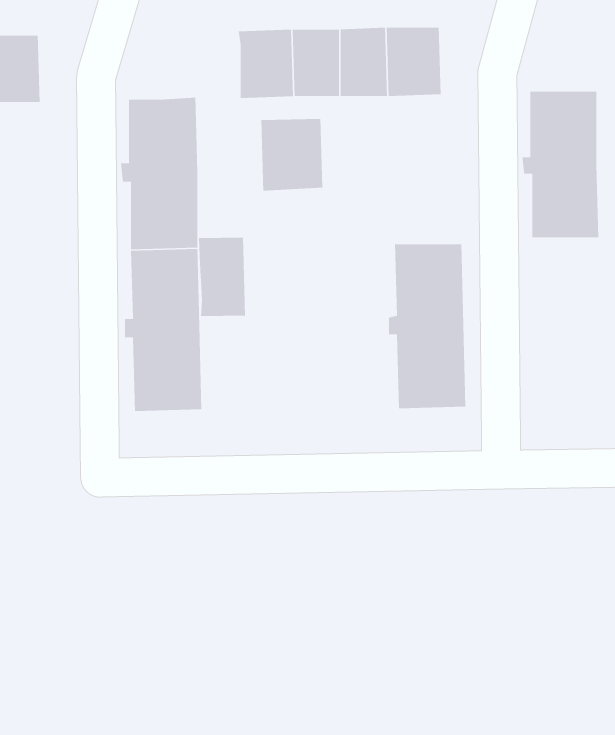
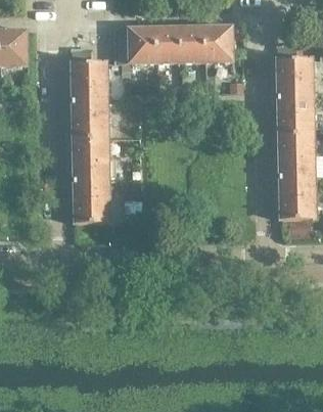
building: [260,118,323,191] -> none
building: [198,237,246,317] -> none
building: [388,244,466,409] -> [275,134,315,219]

